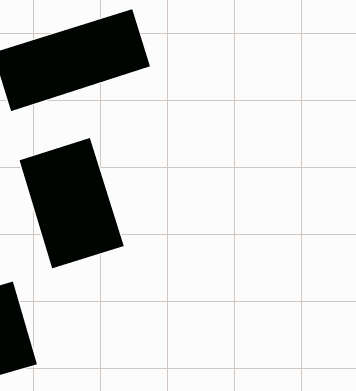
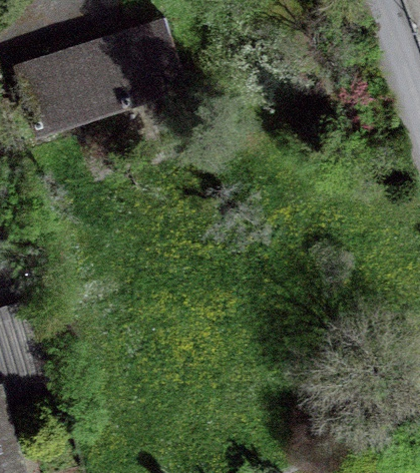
building: [19,137,124,269] -> none

